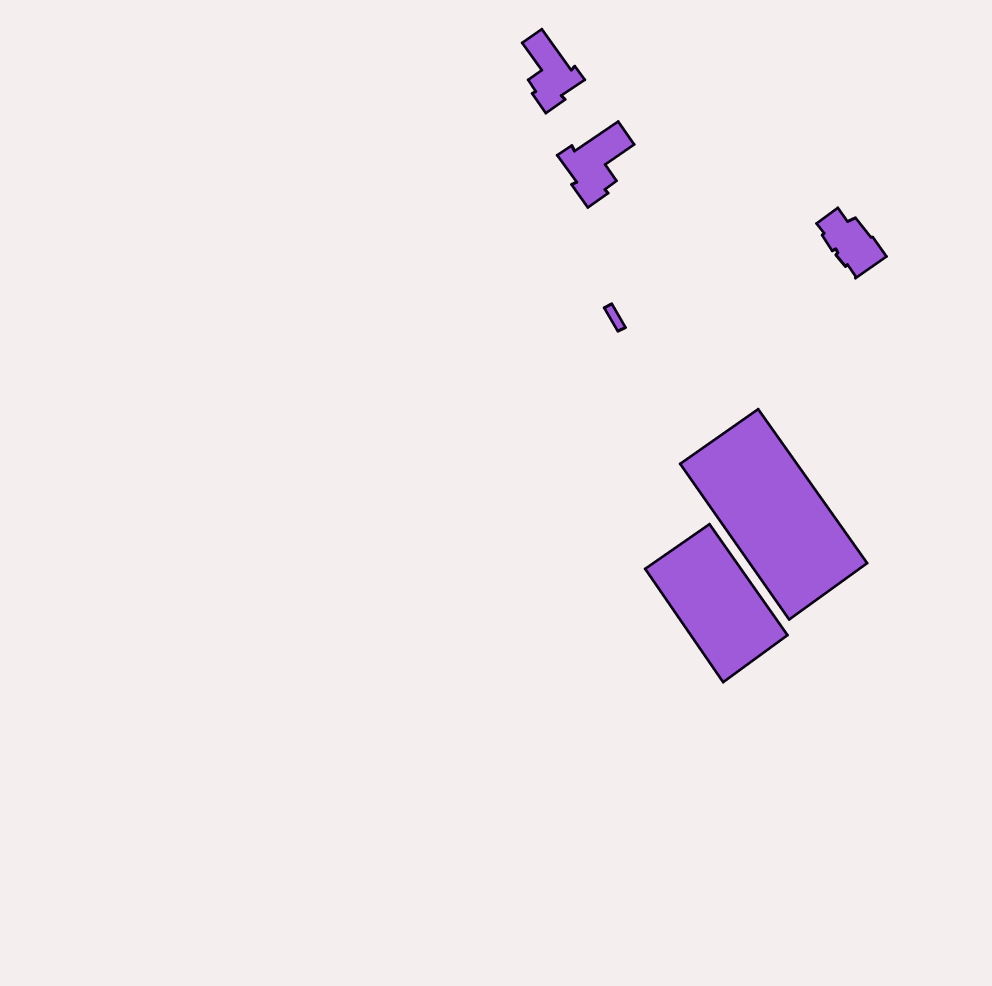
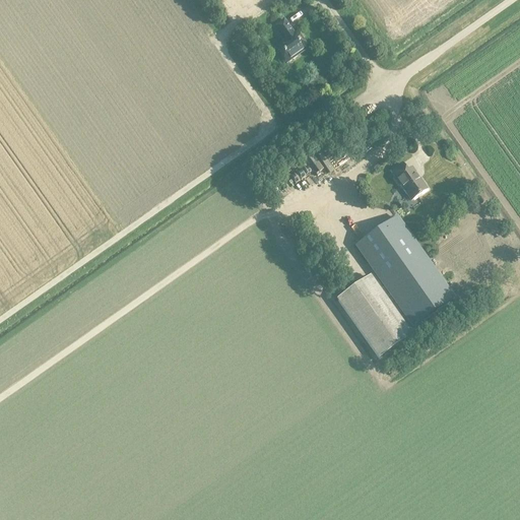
building: [557,121,634,208] -> none
building: [816,208,887,278] -> [389,159,426,196]

